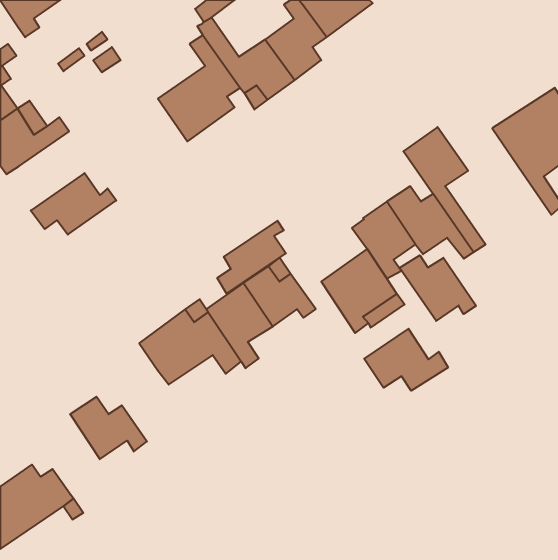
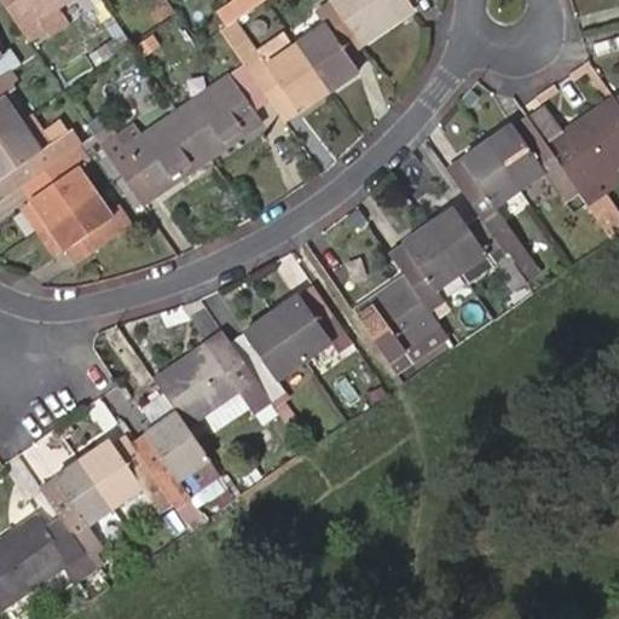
building: none -> [93,109,209,203]
building: none -> [485,122,579,199]
building: none -> [19,145,96,232]
building: [217,221,286,294] -> none
building: [399,255,476,321] -> none
building: [364,329,448,391] -> none
building: none -> [137,409,209,505]
building: none -> [52,457,112,545]

